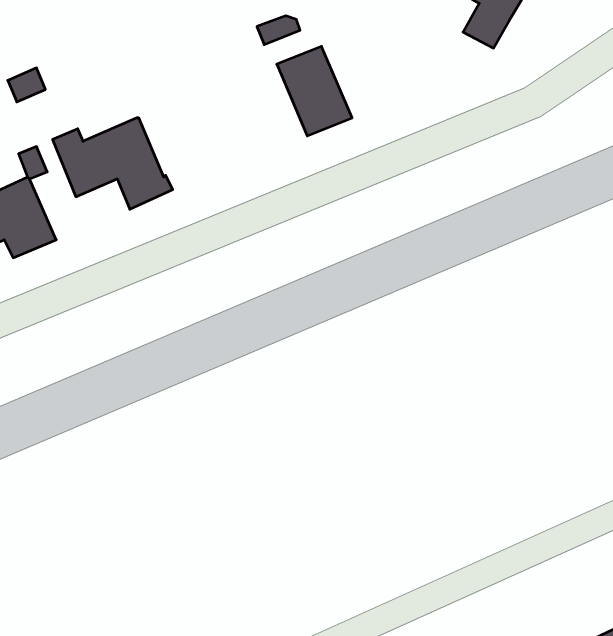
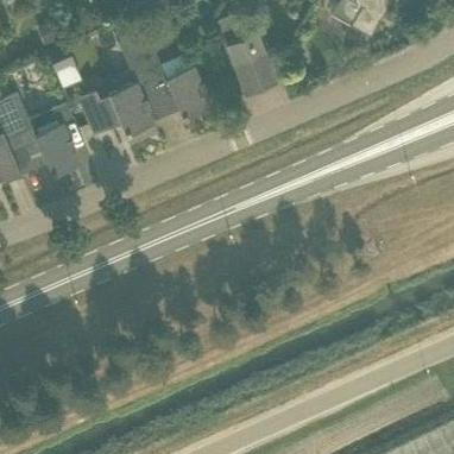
building: none -> [118,31,212,122]

